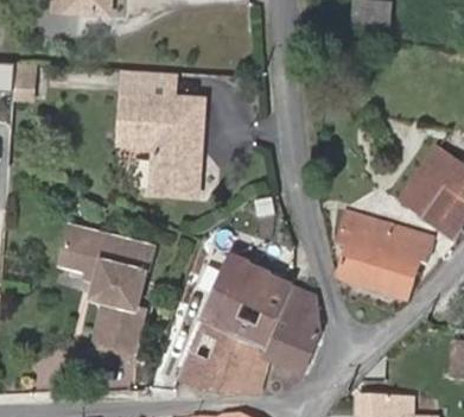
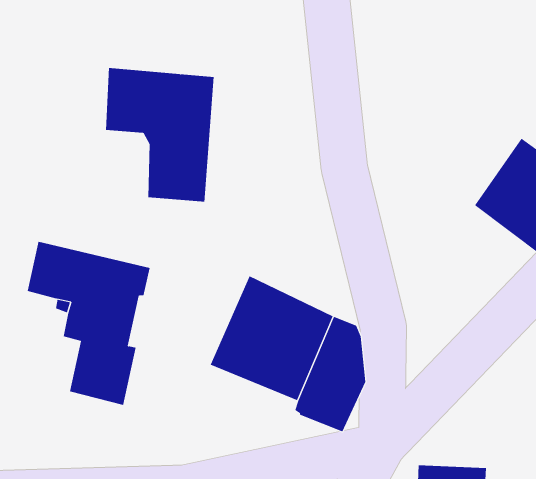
building: [123,67,180,99] -> none
building: [335,210,432,297] -> none
building: [176,320,268,393] -> none

